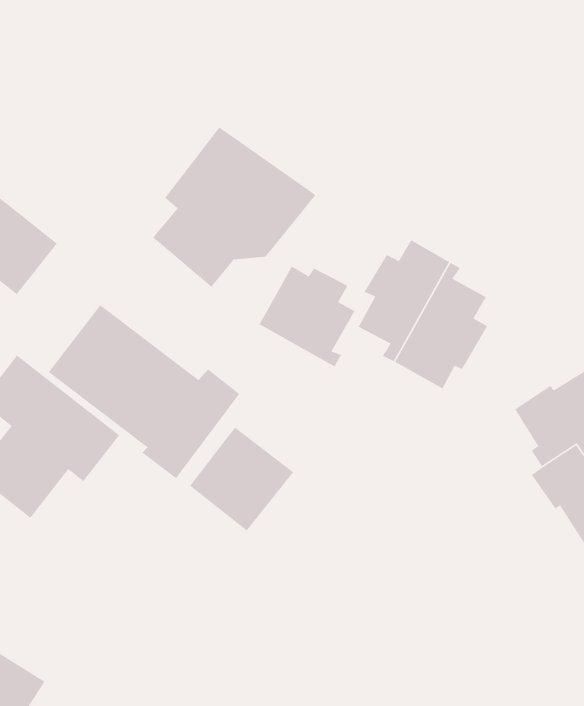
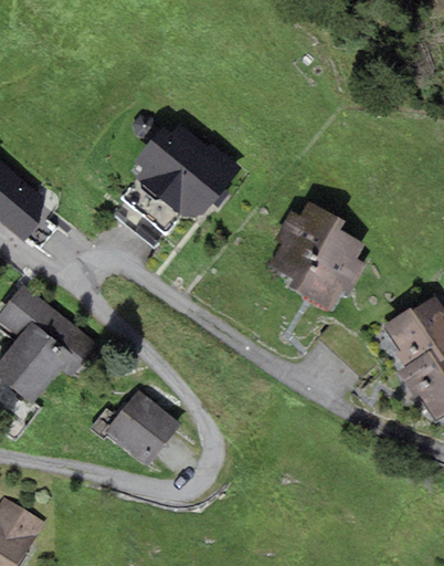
building: [258,265,356,367] -> none
building: [48,304,240,479] -> none
building: [189,427,294,531] -> [104,391,180,468]

